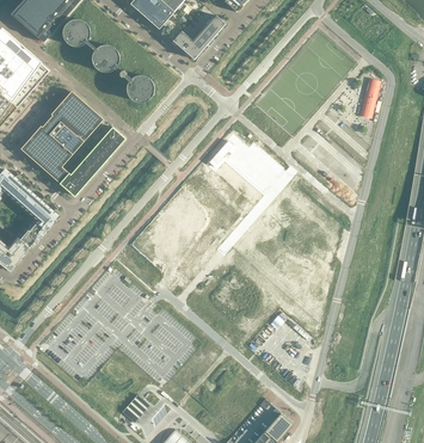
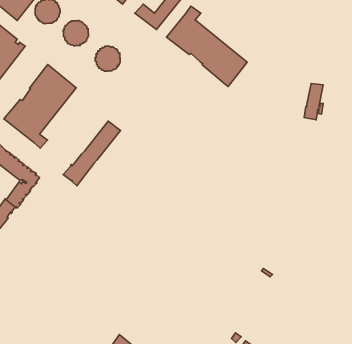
building: none -> [167,6,247,87]
building: [357,78,380,118] -> [304,83,323,120]
building: [59,127,124,196] -> [63,121,120,186]

